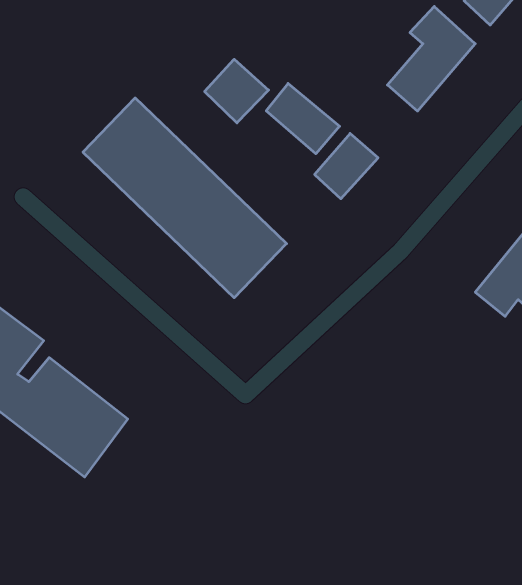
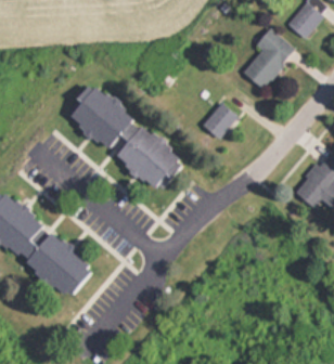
building: [205,59,269,123] -> none
building: [266,83,340,154] -> none

